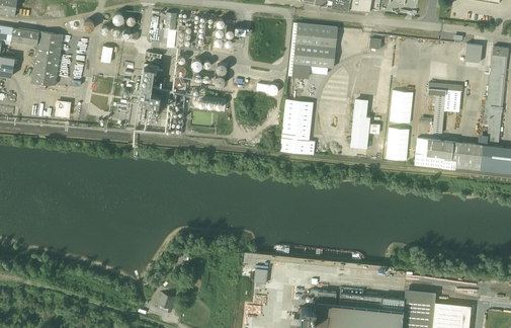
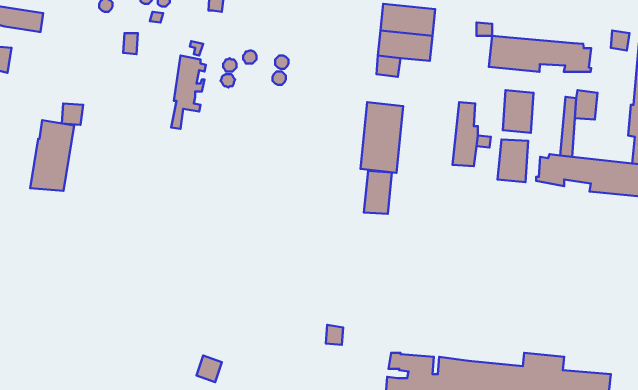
building: [30,31,64,85] -> [30,120,74,191]
building: none -> [489,36,591,72]
building: none -> [364,171,392,214]

